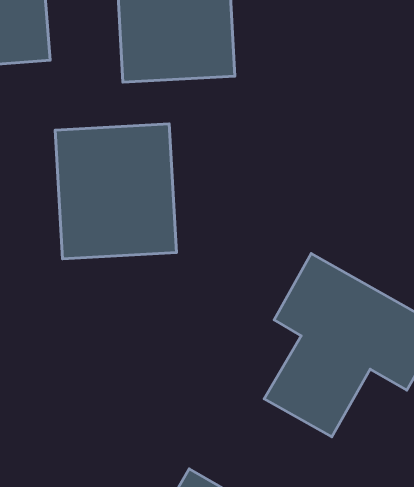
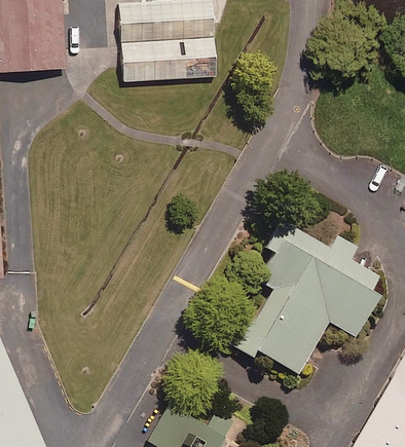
building: [55,124,176,259] -> none

